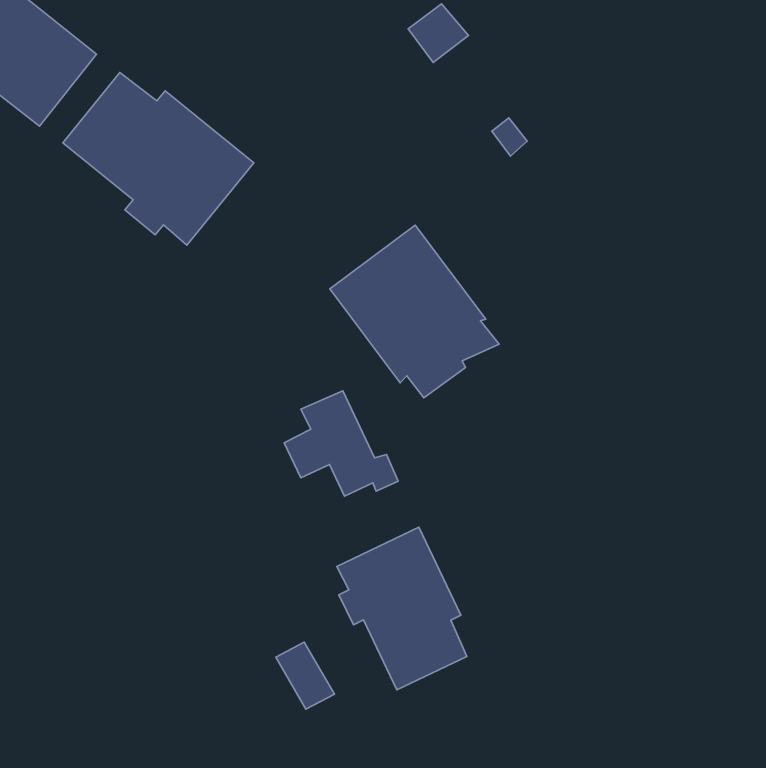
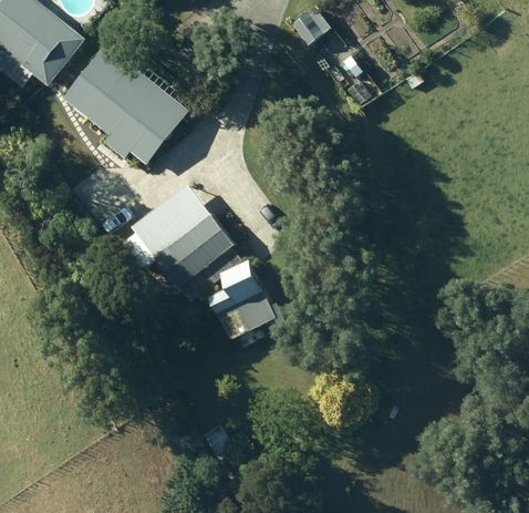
building: [330,225,499,398] -> [132,184,243,298]
building: [337,527,467,690] -> none

